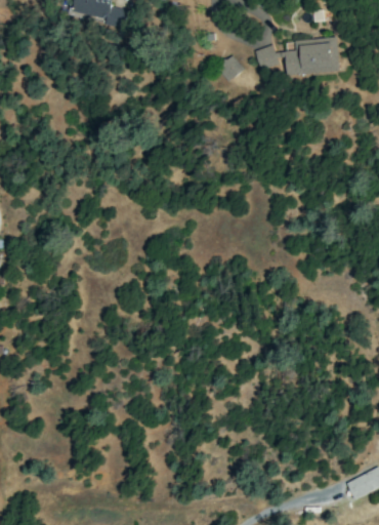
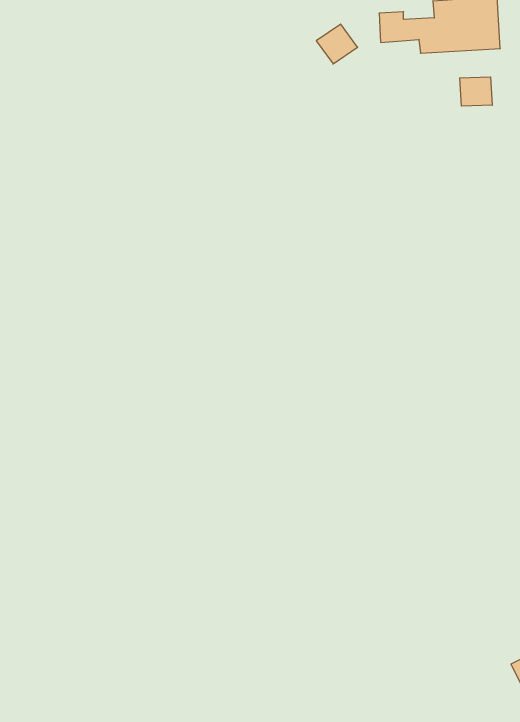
building: none -> [460,77,492,106]

